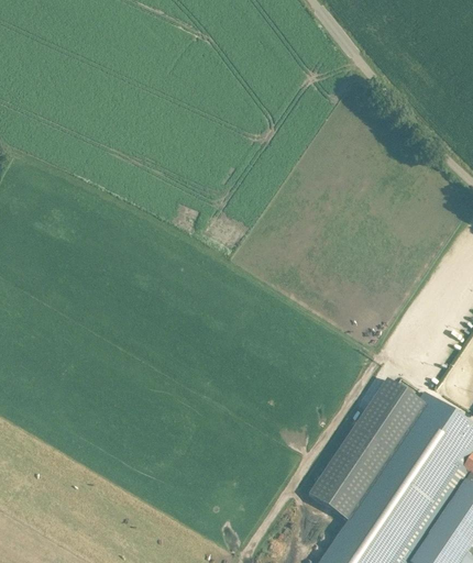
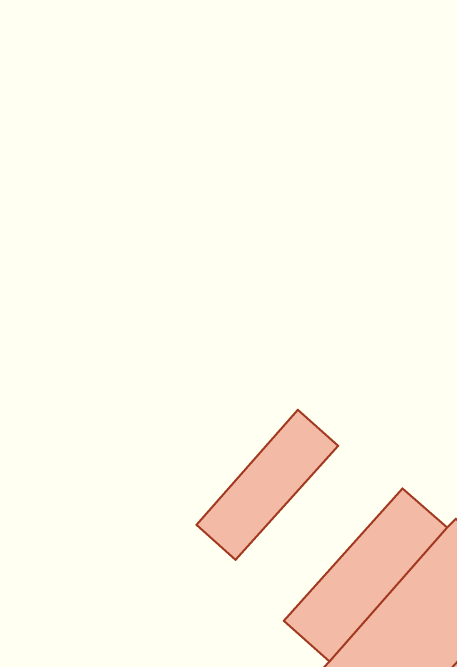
building: none -> [197,410,338,560]

